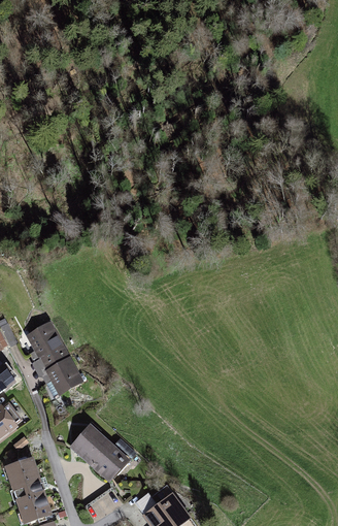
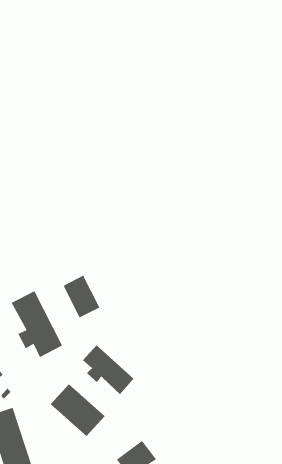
building: none -> [62,275,100,319]
building: none -> [82,345,135,395]

